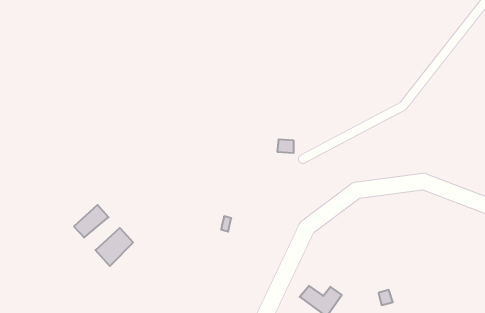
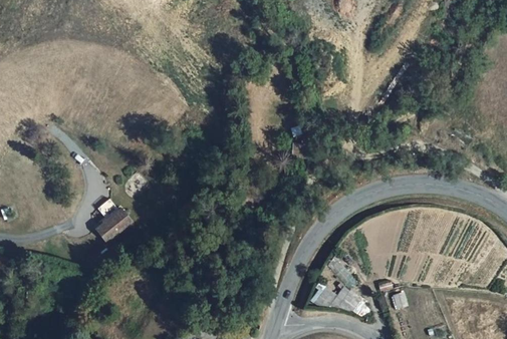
building: [95,228,133,266] -> none

